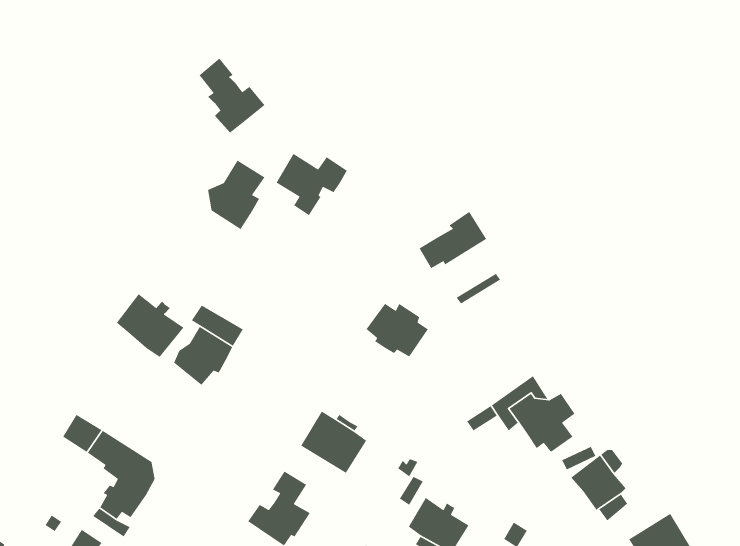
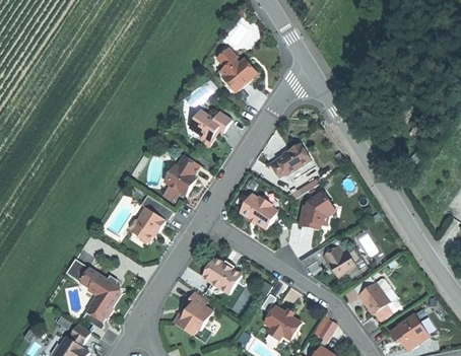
building: [198,58,265,134] -> [216,47,255,90]
building: [207,159,265,230] -> [166,154,199,195]
building: [116,293,184,358] -> none
building: none -> [298,192,335,228]

